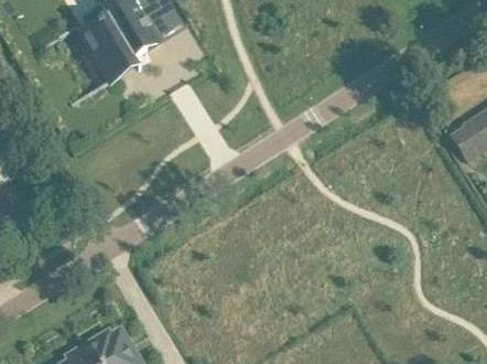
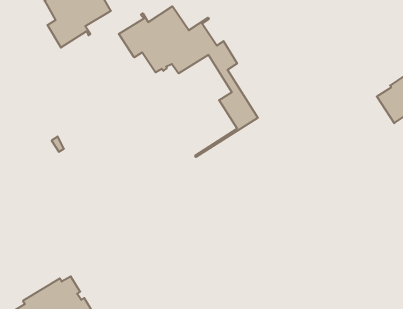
building: none -> [119,6,258,157]

